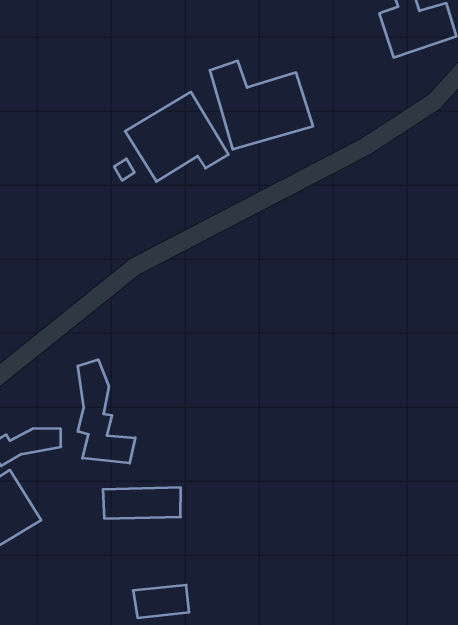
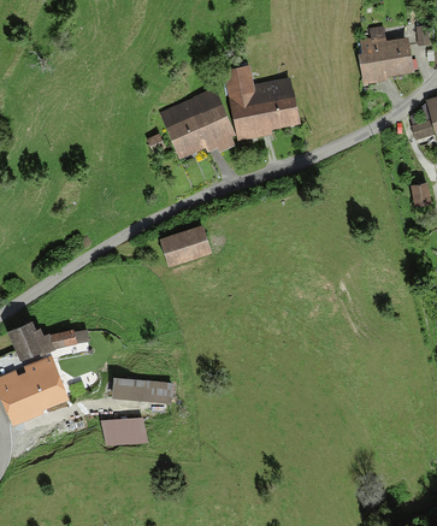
building: none -> [161,231,208,266]
building: [78,360,135,463] -> none
building: [133,585,189,618] -> [104,419,143,439]

